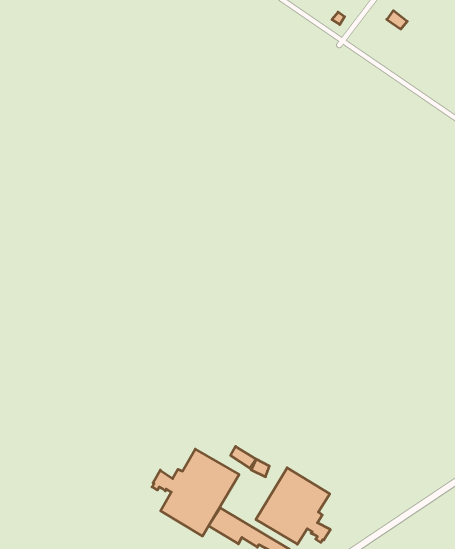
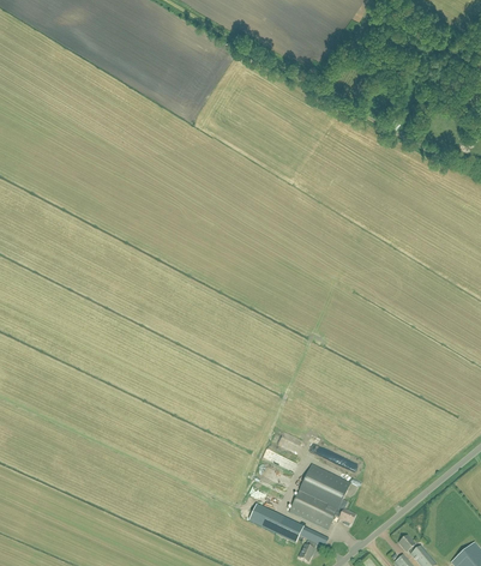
building: [152,449,239,536] -> none

